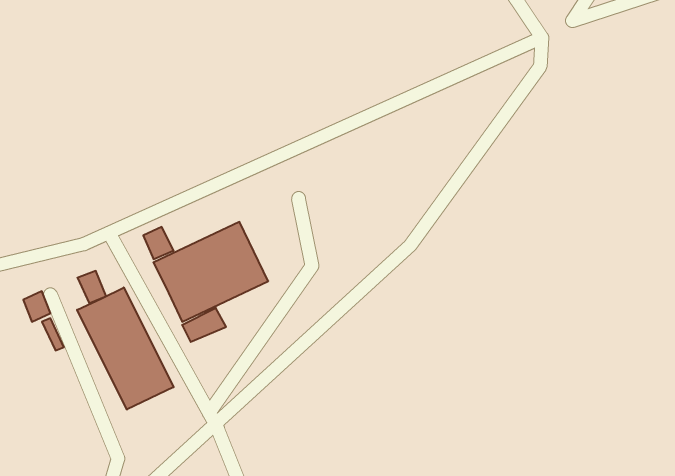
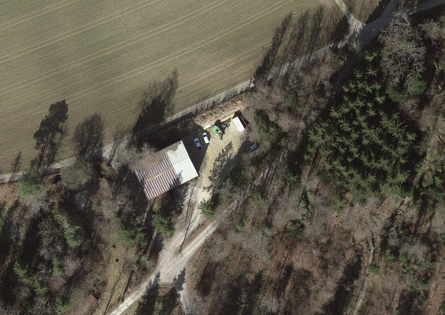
building: [77,287,174,410] -> none

